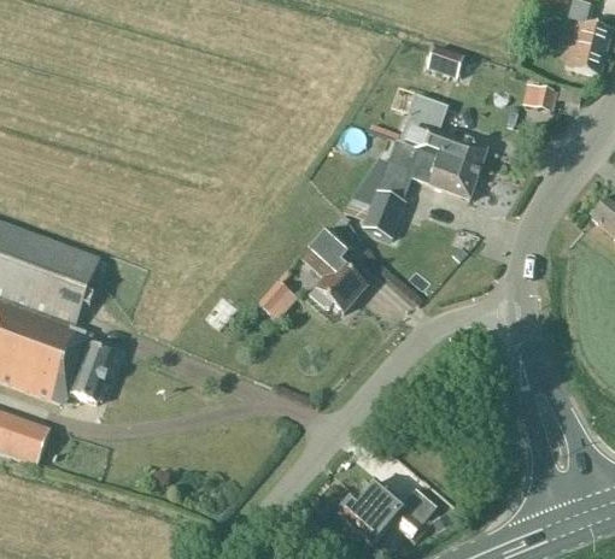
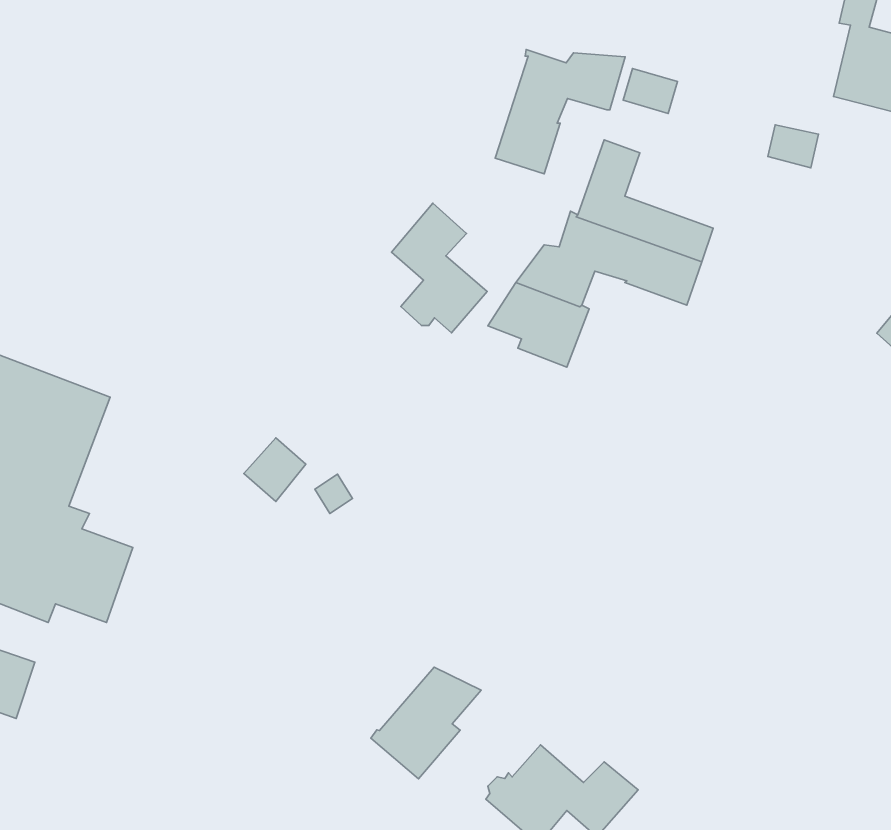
building: none -> [495,49,625,174]
building: [304,228,365,311] -> [391,203,487,333]
building: [257,278,297,319] -> [244,438,306,502]
building: none -> [371,667,481,779]

